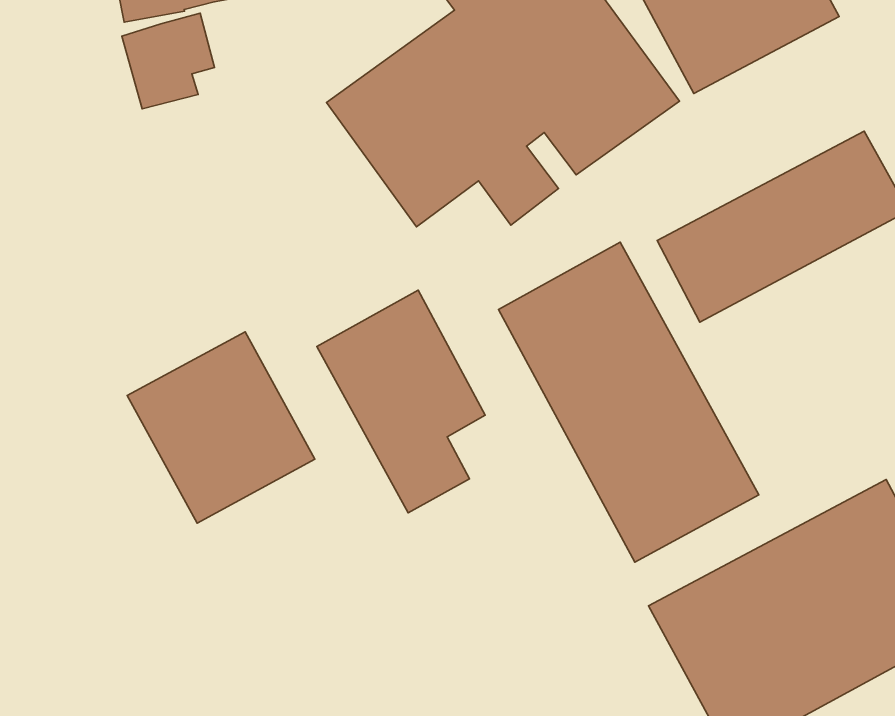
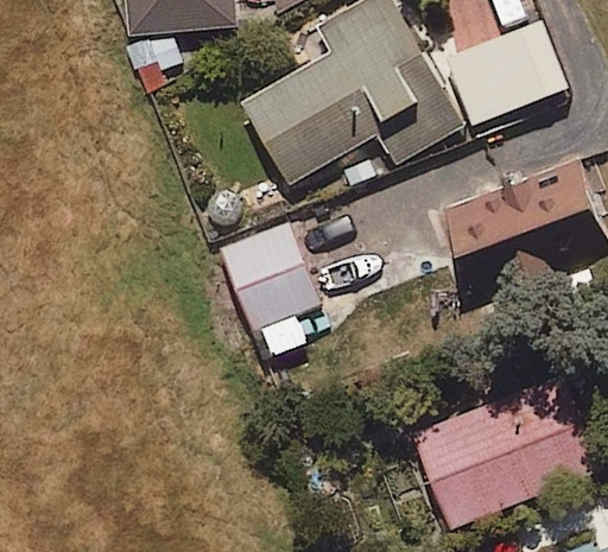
building: [498,242,759,562] -> none
building: [127,332,315,523] -> none

